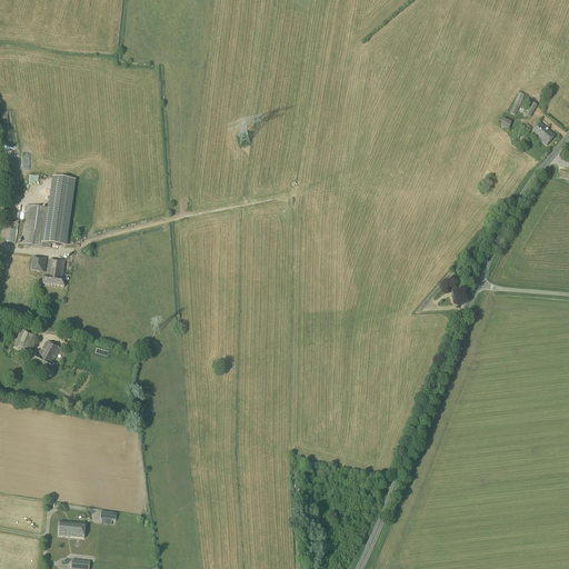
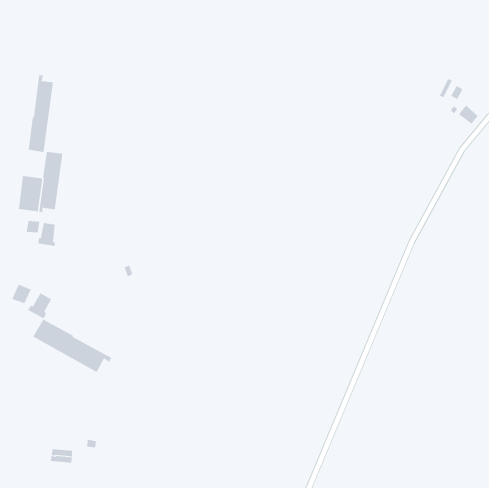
building: none -> [28,75,53,153]
building: none -> [32,319,112,373]

